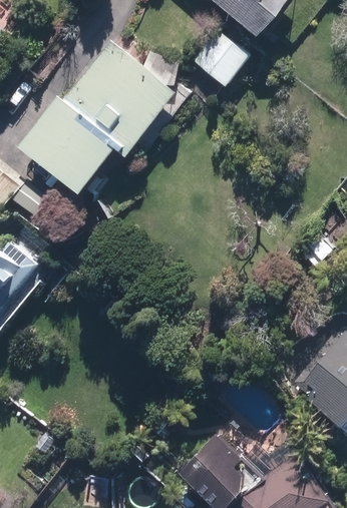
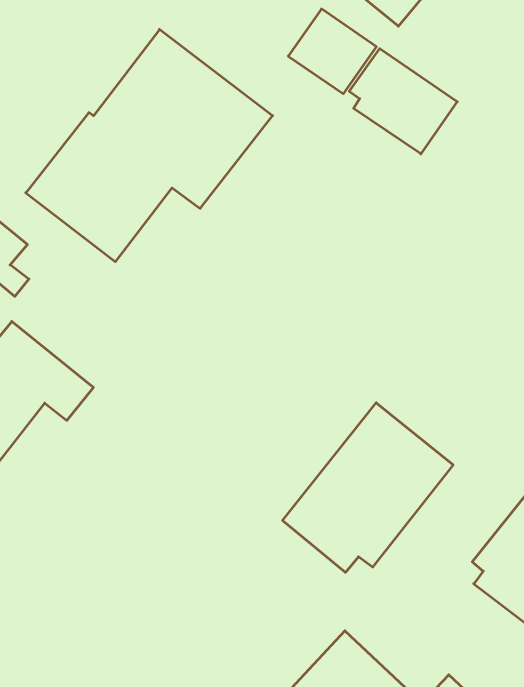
building: none -> [349,49,457,154]
building: none -> [283,403,453,572]

